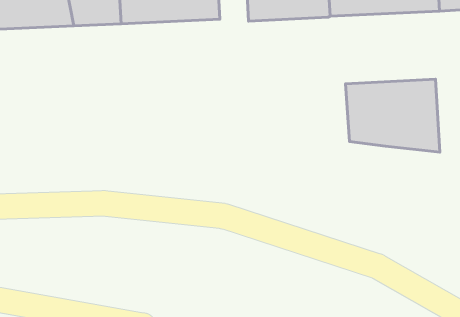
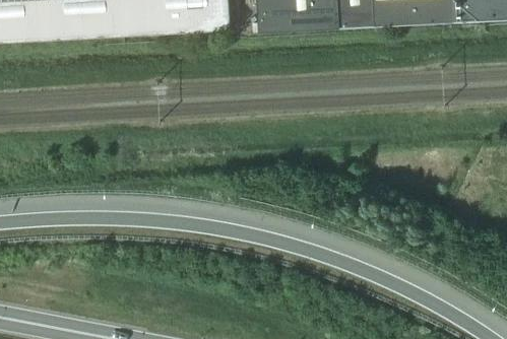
building: [346,79,440,152] -> none

